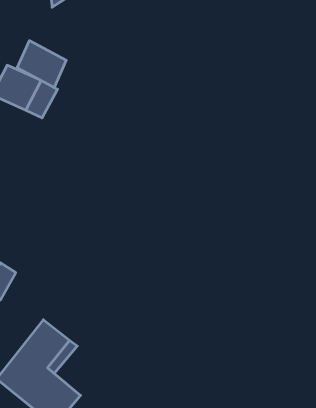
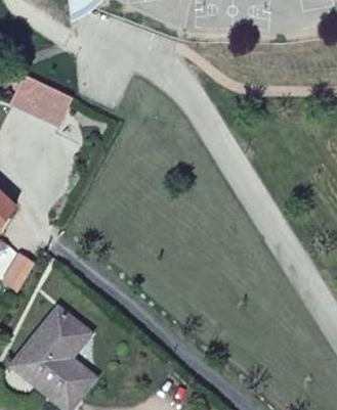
building: [17,41,66,88] -> none

